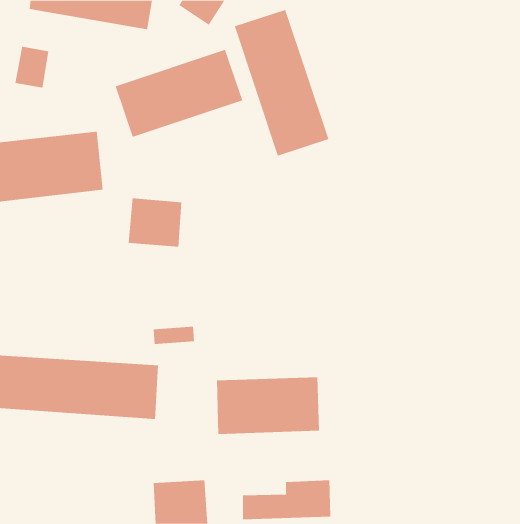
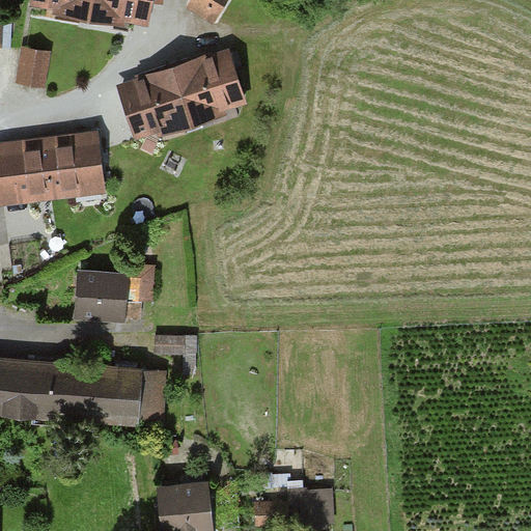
building: [234,9,329,156] -> none
building: [128,198,182,247] -> [73,273,128,323]
building: [216,376,320,435] -> none

